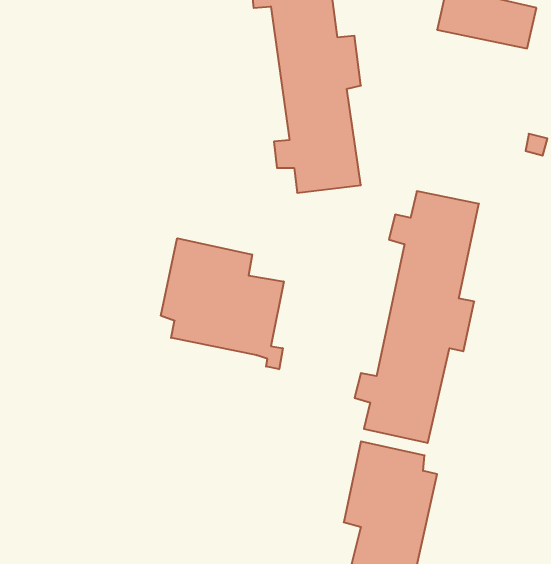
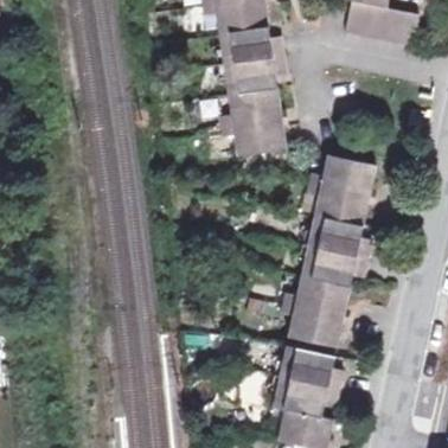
building: [161,238,284,369] -> none

